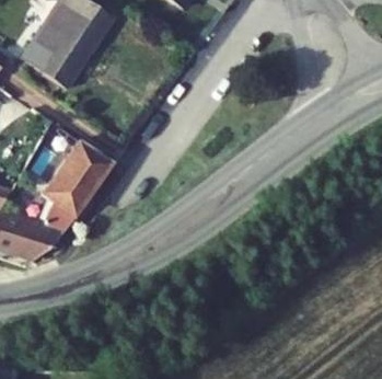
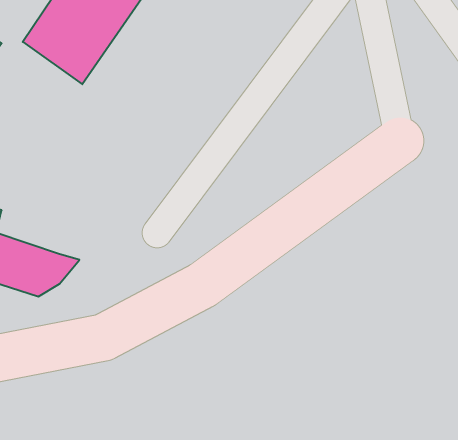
building: [34,140,113,226] -> none

